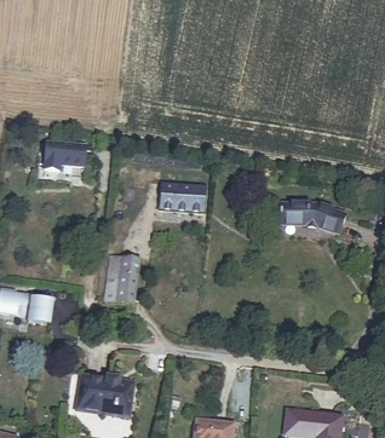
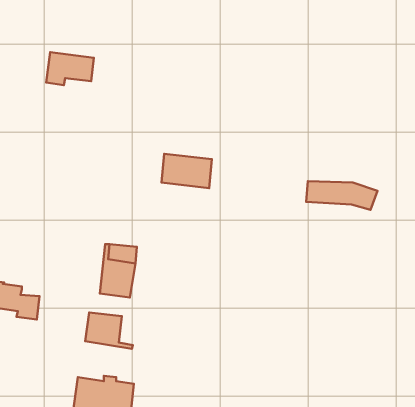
building: [48,144,91,173] -> [46,52,94,85]
building: none -> [85,312,133,349]

